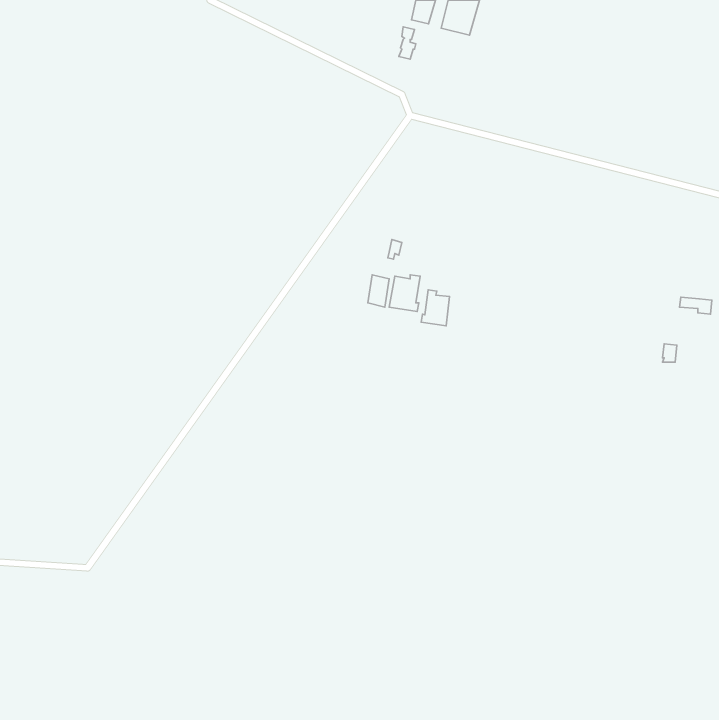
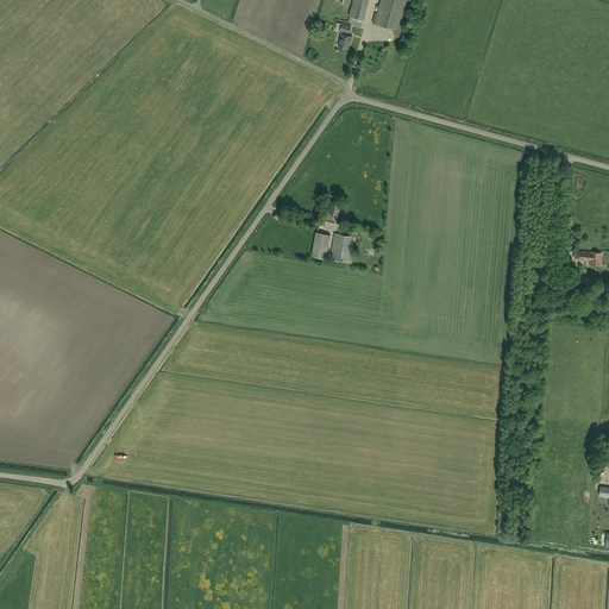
building: [421,290,450,326] -> none

